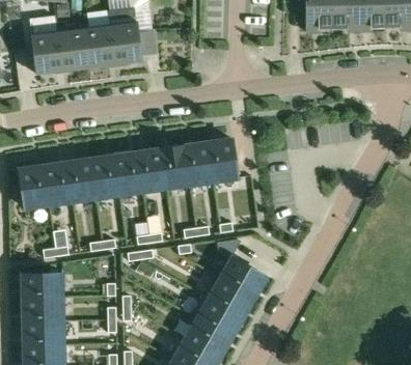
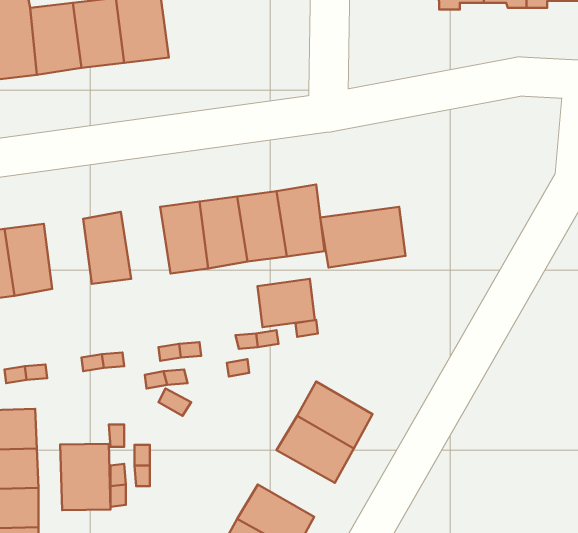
building: [113,151,143,195] -> none
building: none -> [320,207,405,267]
building: [66,159,95,201] -> none
building: none -> [257,279,315,327]
building: none -> [60,444,111,510]
building: [196,299,243,339] -> none

